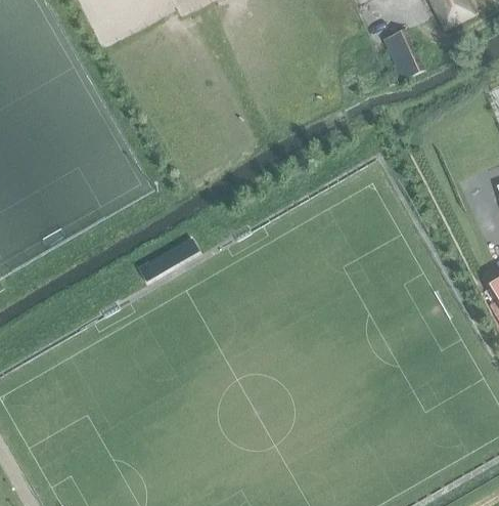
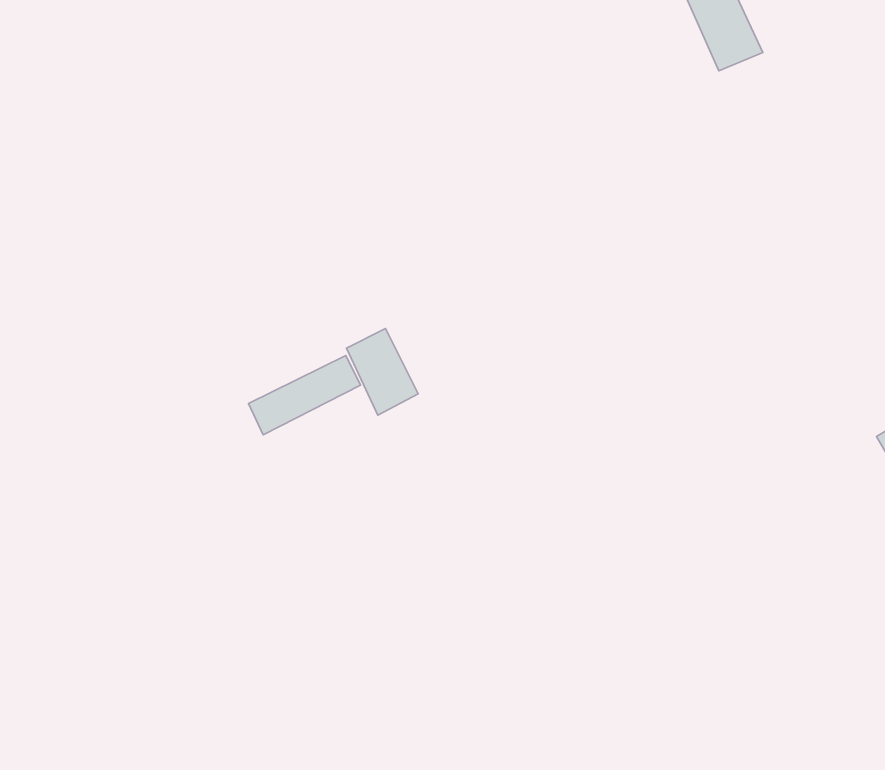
building: none -> [346,329,418,415]

